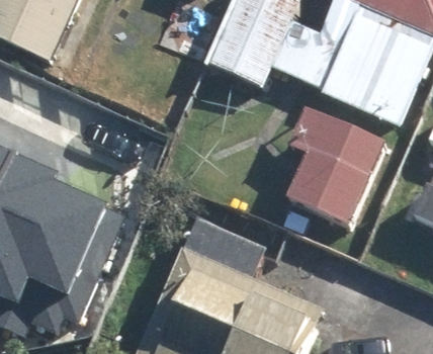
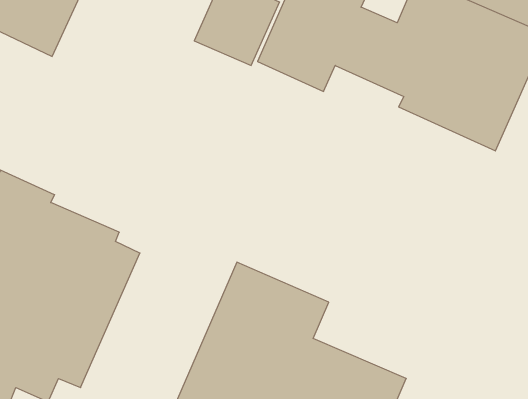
building: [286,109,384,226] -> none

